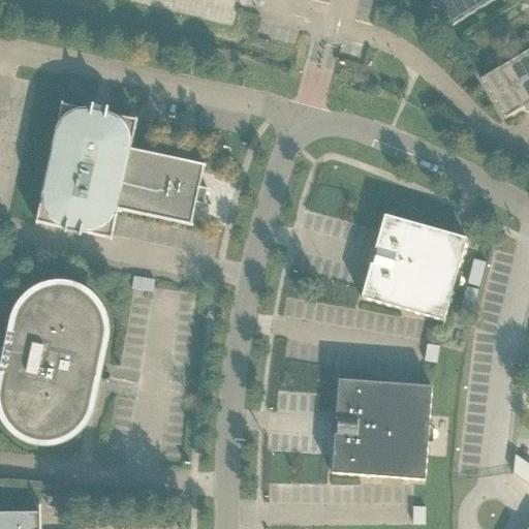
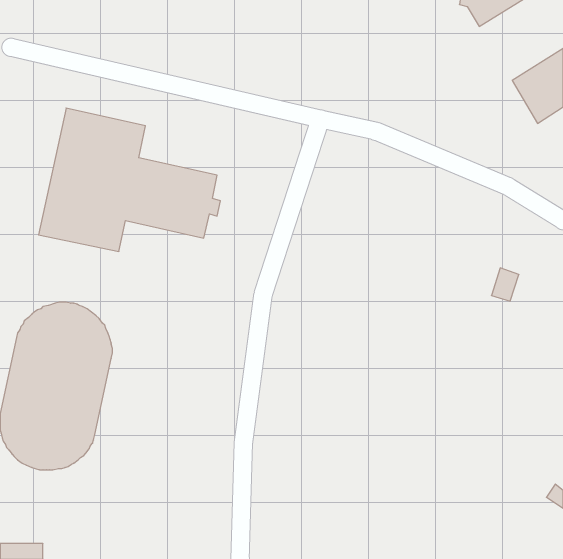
building: [362,213,467,318] -> none
building: [332,377,432,477] -> none

